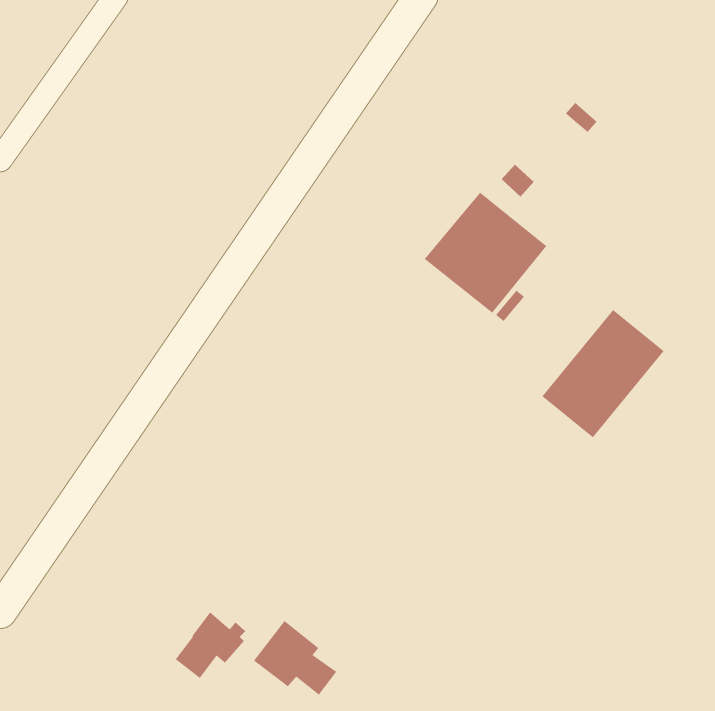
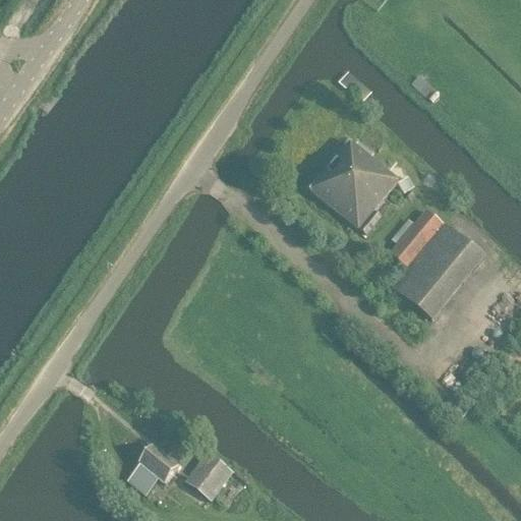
building: none -> [390,210,443,267]

